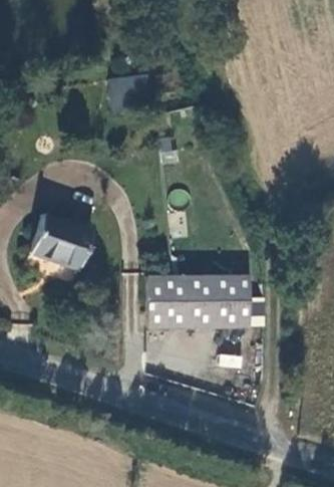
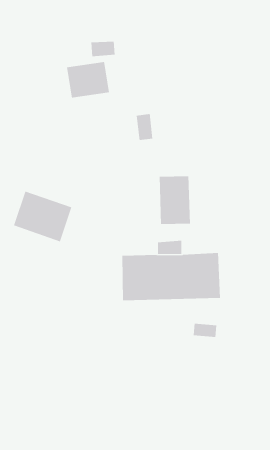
building: none -> [159,176,190,225]

